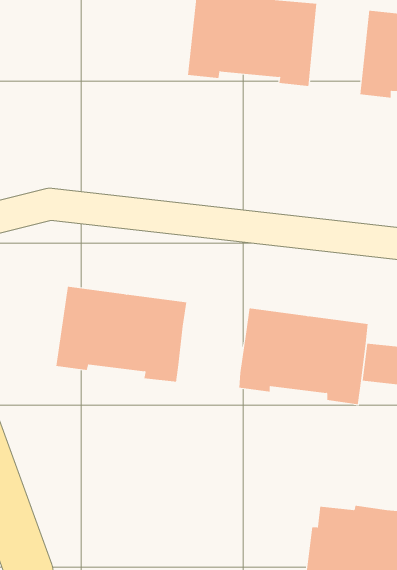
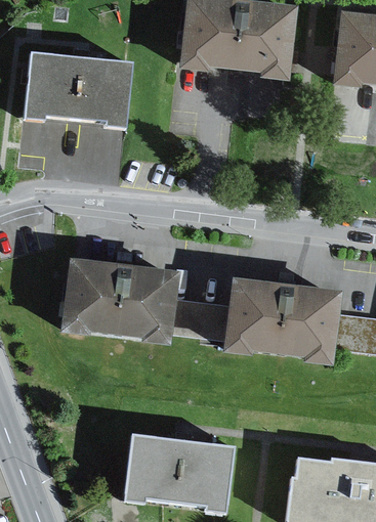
building: none -> [25,52,131,126]
building: none -> [172,296,232,338]
building: none -> [123,432,233,509]

